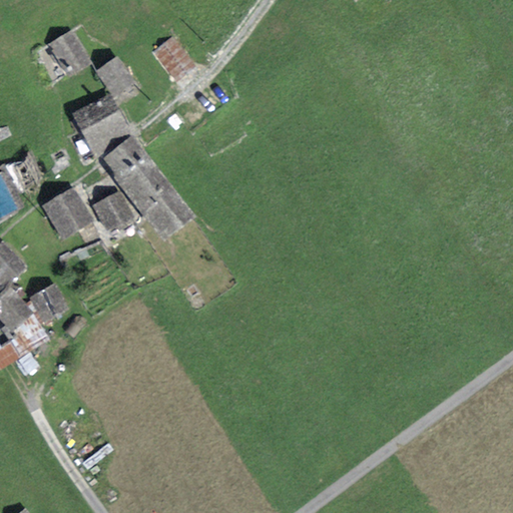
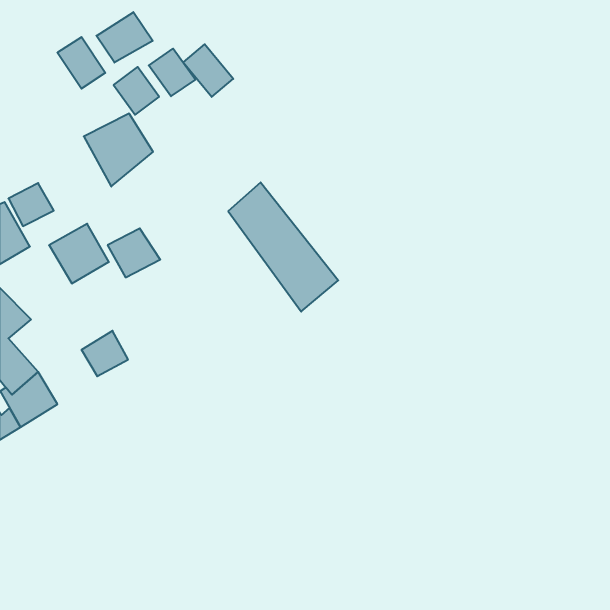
building: none -> [96,12,153,63]
building: none -> [149,49,195,96]
building: [102,134,194,242] -> [228,182,338,312]
building: [28,282,67,320] -> [81,331,128,376]

